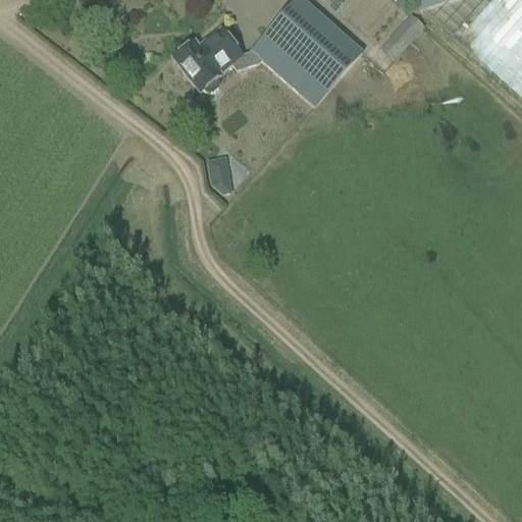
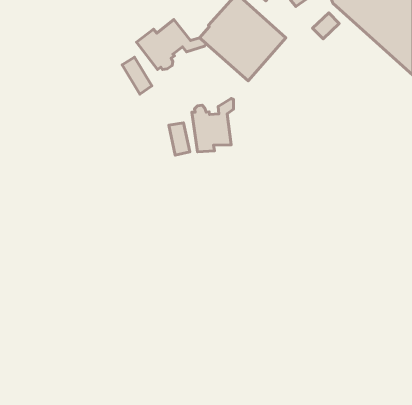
building: none -> [122,57,152,94]
building: none -> [192,99,233,152]

